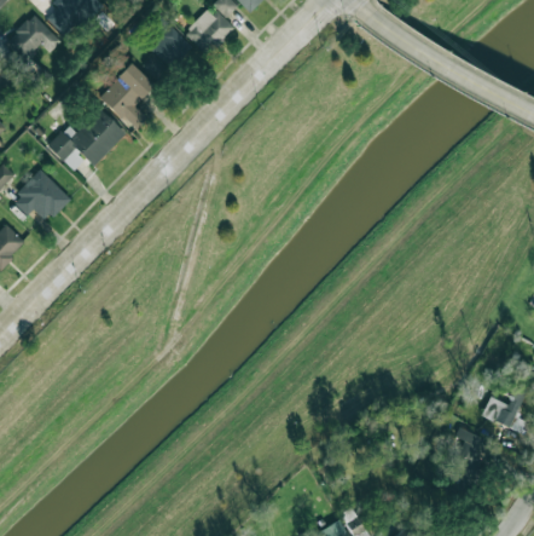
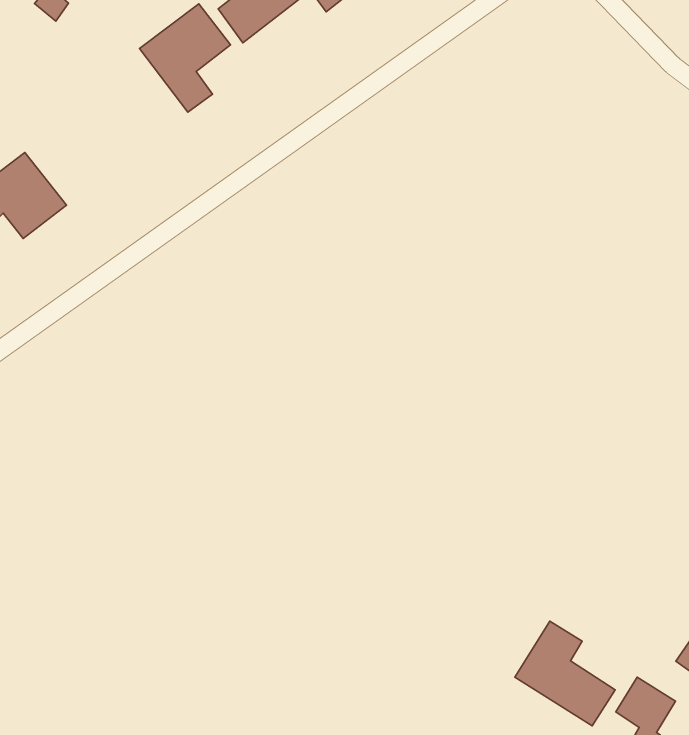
building: [47,108,124,169] -> none
building: none -> [515,621,615,726]

